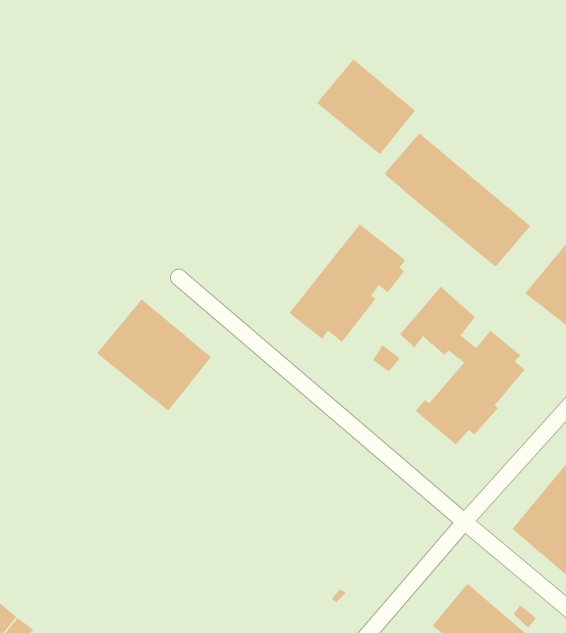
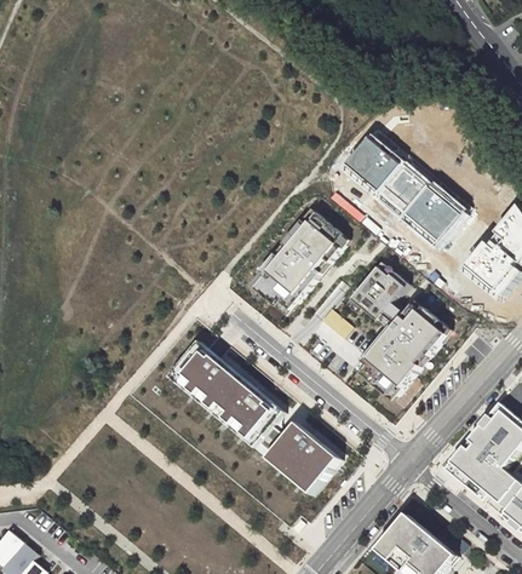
building: [316,58,416,155] -> none
building: [96,299,212,412] -> none
building: none -> [166,339,340,494]

